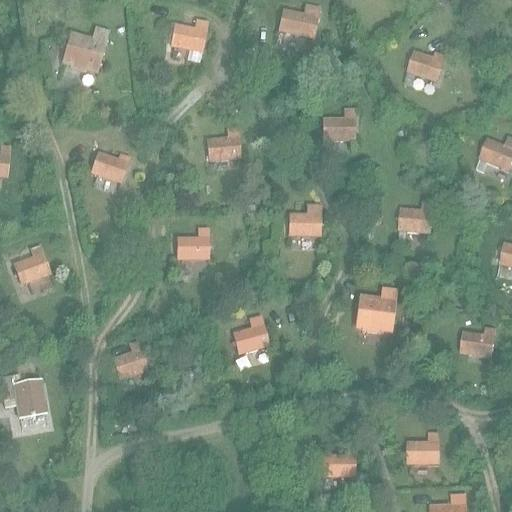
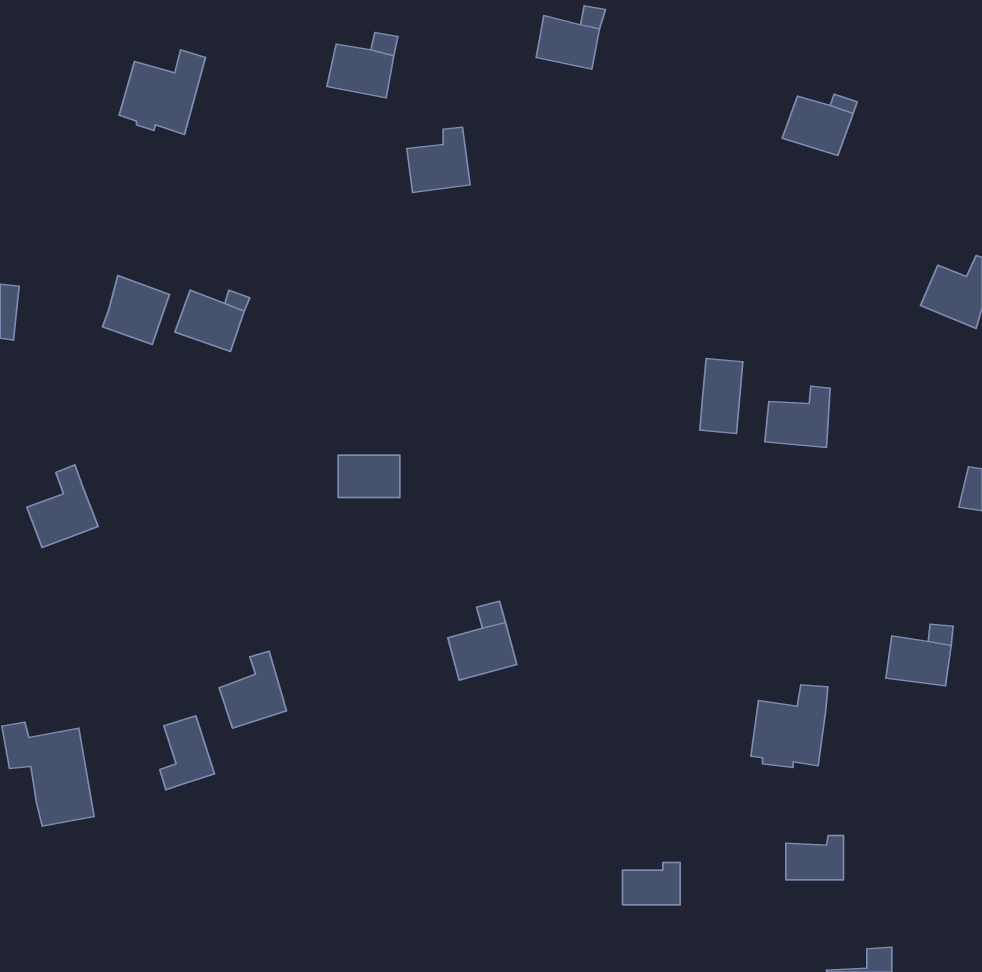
building: [322,109,353,140] -> none
building: [206,127,239,161] -> [407,127,470,193]
building: none -> [103,276,169,345]
building: none -> [700,359,743,434]
building: [289,202,320,236] -> none
building: [355,287,395,330] -> [751,685,828,768]
building: none -> [160,716,214,790]

